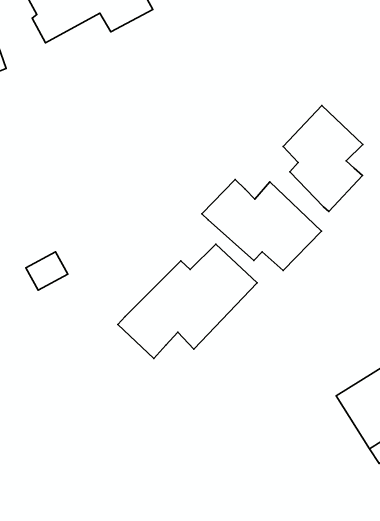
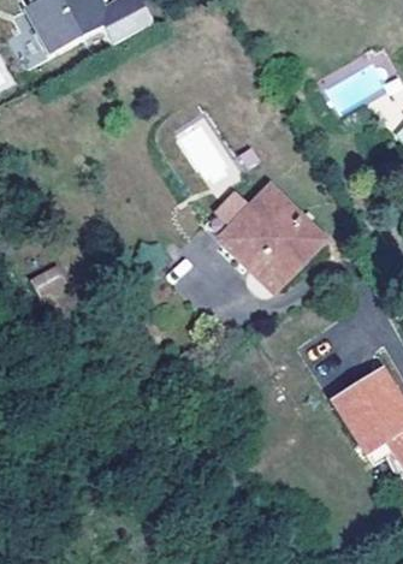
building: [283,105,363,211] -> none
building: [118,244,257,358] -> none

